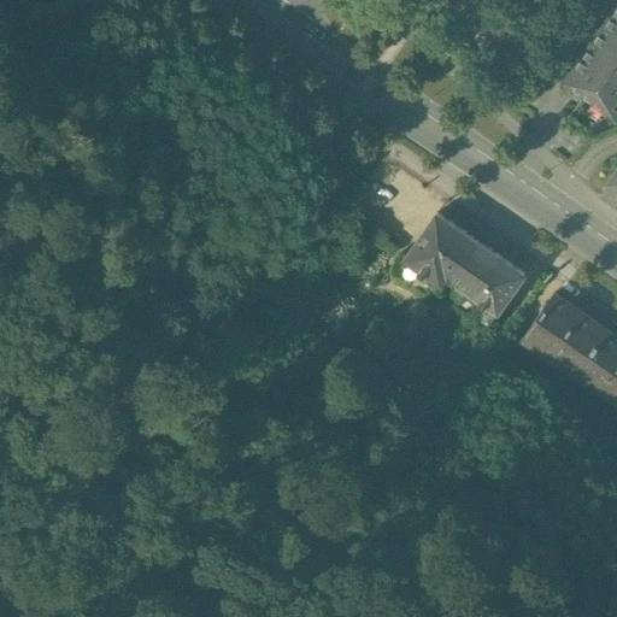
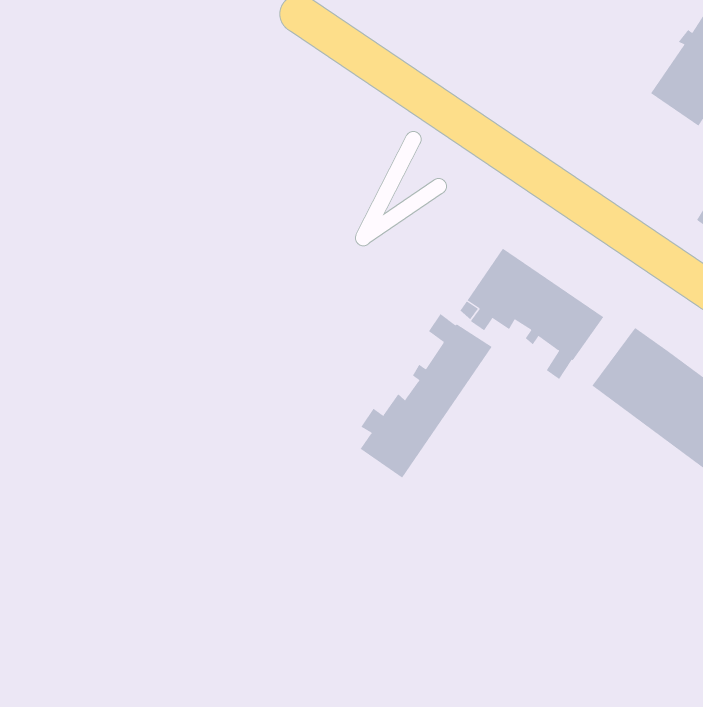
building: none -> [360,313,493,478]

